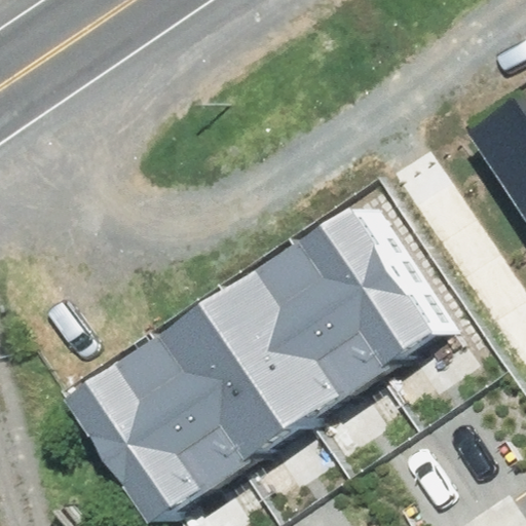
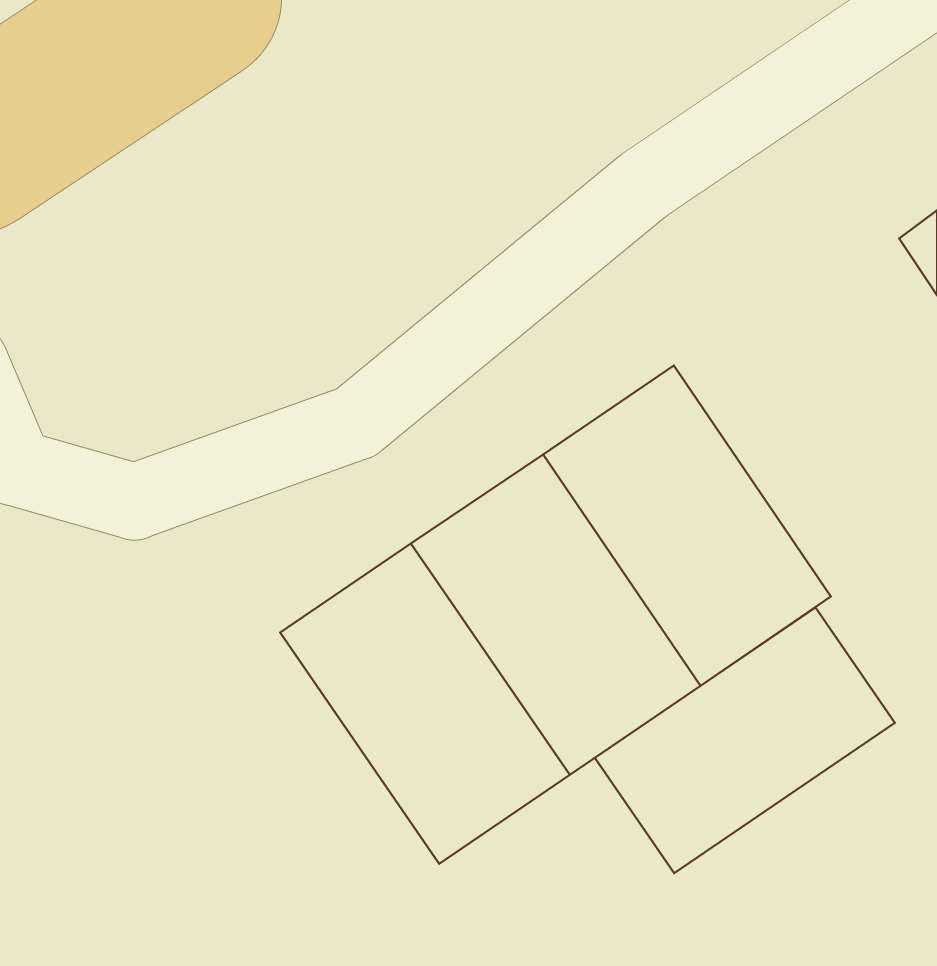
building: none -> [595,607,895,873]
building: [81,343,238,517] -> none

